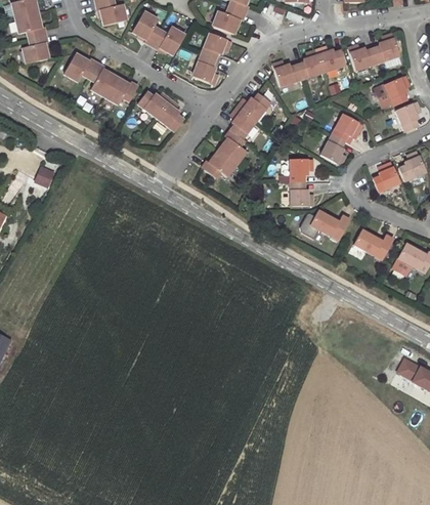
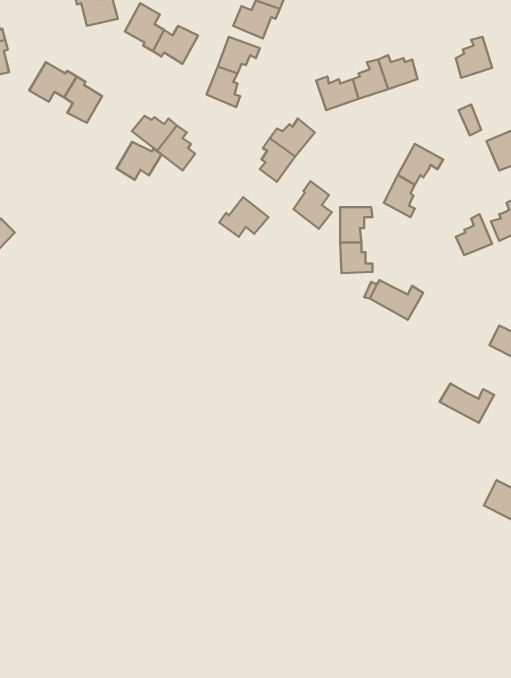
building: [348,46,378,71] -> none
building: [385,75,410,106] -> none
building: [105,77,138,104] -> [117,142,162,180]
building: [219,130,247,165] -> [294,181,332,229]
building: [354,230,394,259] -> [439,383,494,423]

